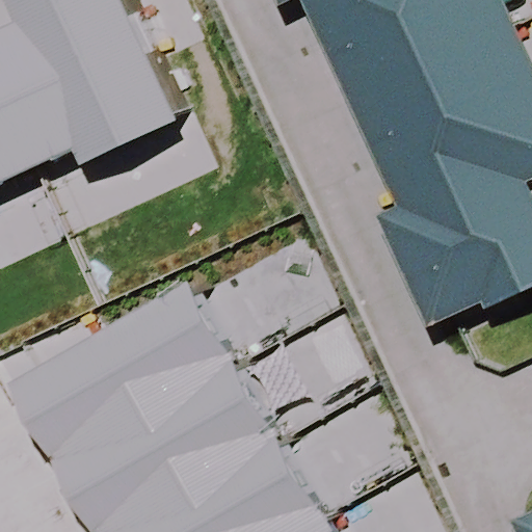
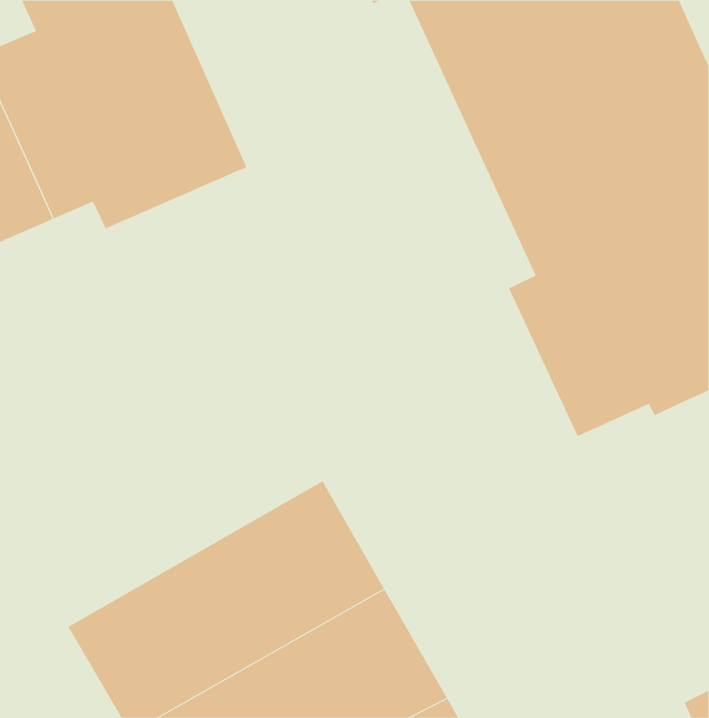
building: [4,275,239,463] -> none

